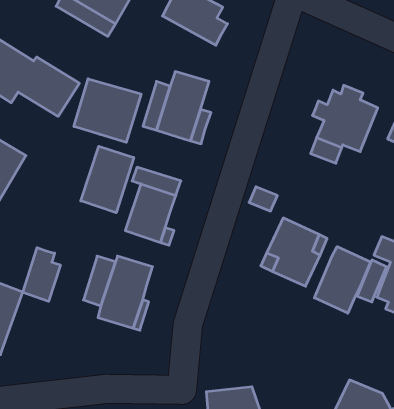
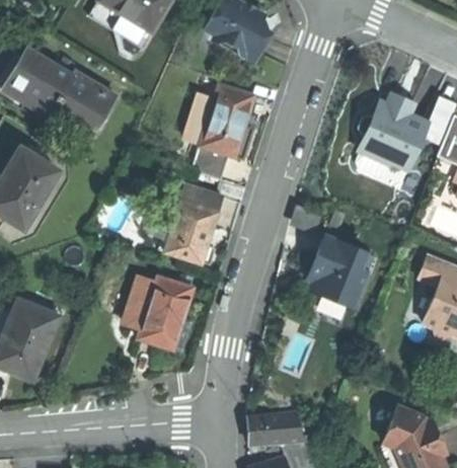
building: [74,79,141,142] -> none
building: none -> [189,145,226,179]
building: [81,146,134,213] -> none
building: [314,247,371,313] -> none
building: [23,248,60,301] -> none

